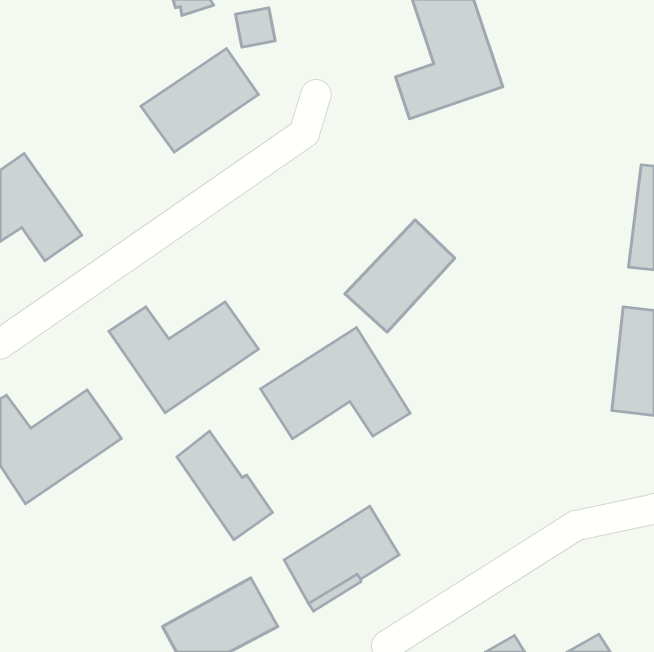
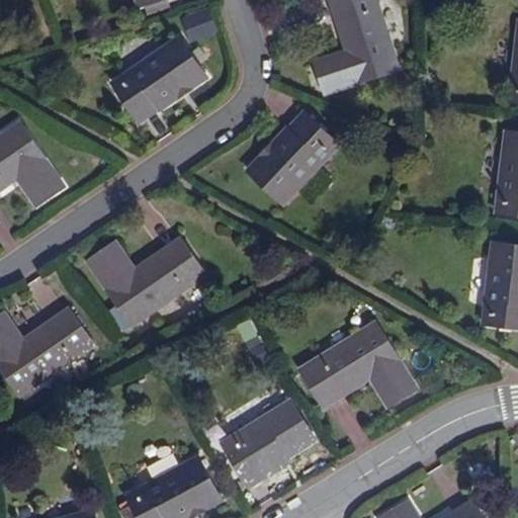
building: [345,220,455,332] -> [249,113,336,202]
building: [260,327,410,439] -> [298,321,417,409]
building: [177,431,272,540] -> none

